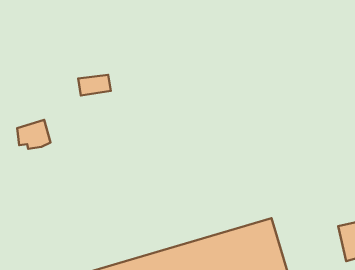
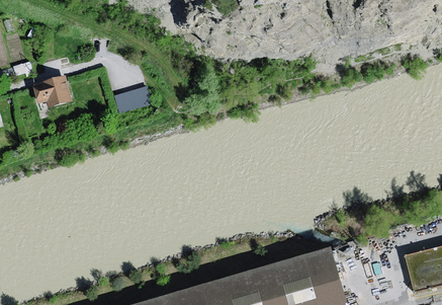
building: [17,120,51,149] -> [36,76,74,108]

